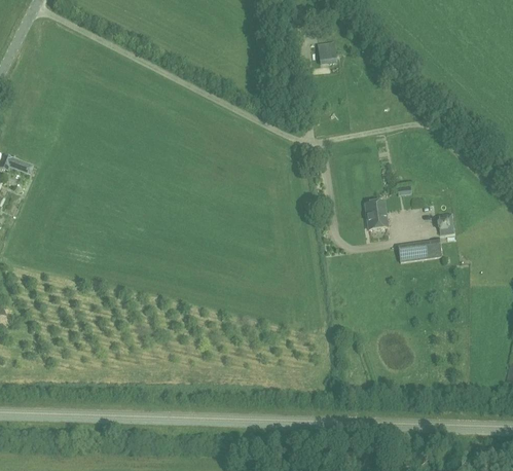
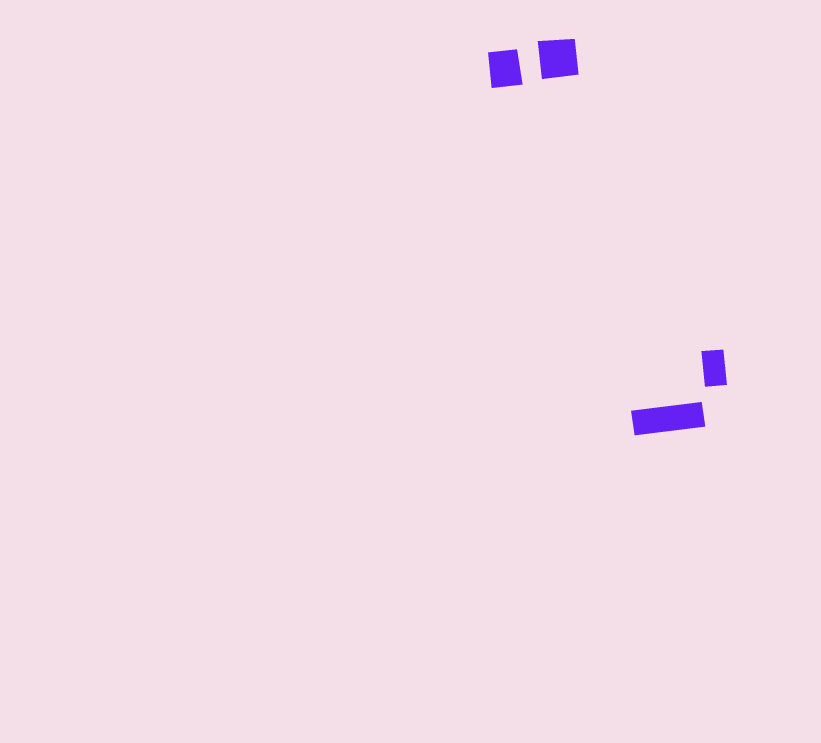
building: none -> [537,38,579,80]
building: [364,201,387,229] -> none

